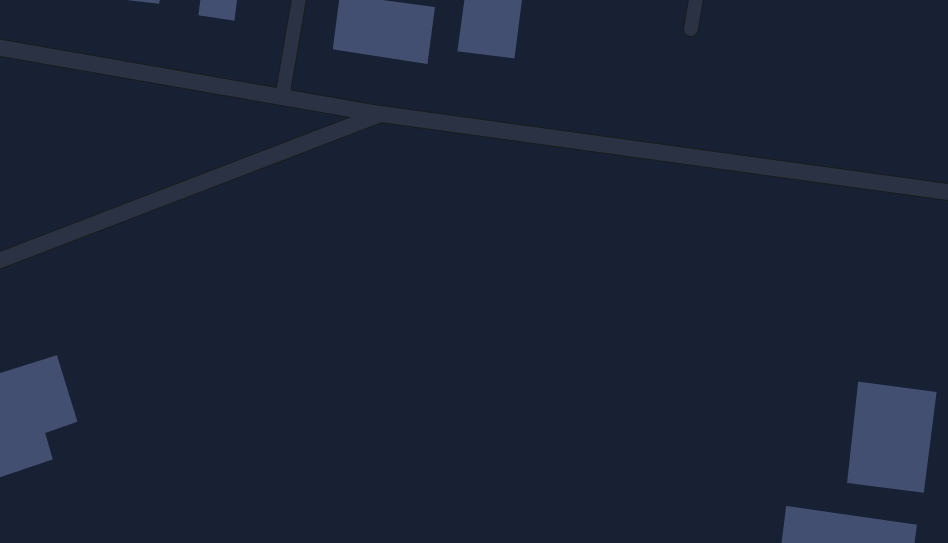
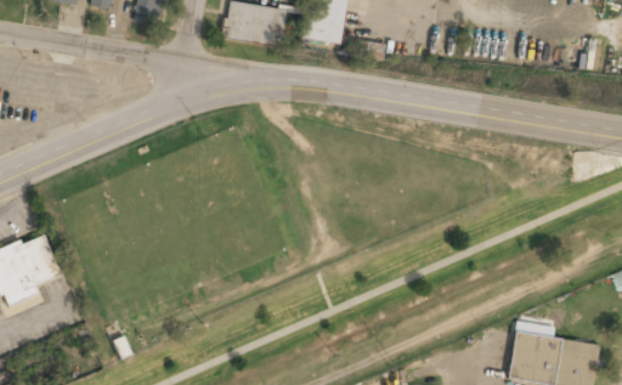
building: [846,381,938,494] -> none

